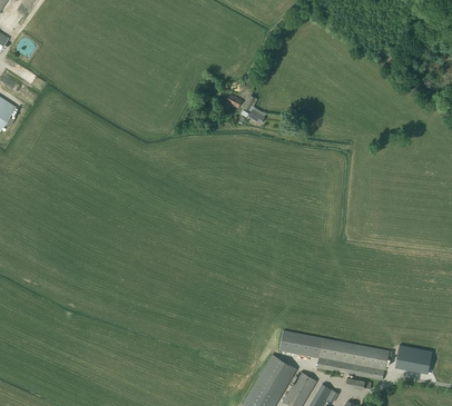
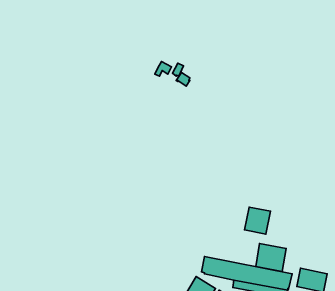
building: none -> [245,207,270,234]
building: none -> [256,244,286,271]

